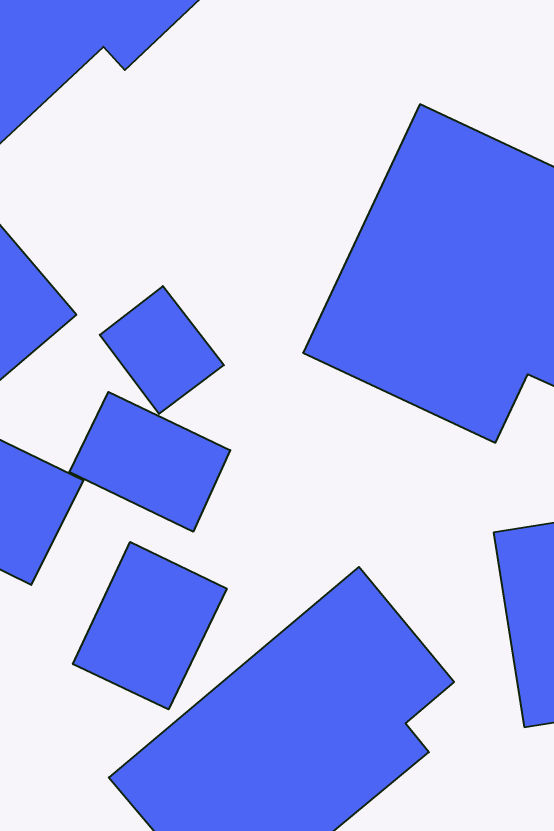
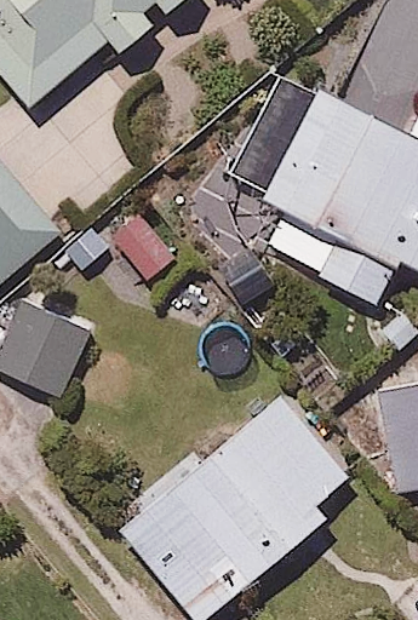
building: [70,392,230,532] -> none
building: [73,542,227,709] -> none

